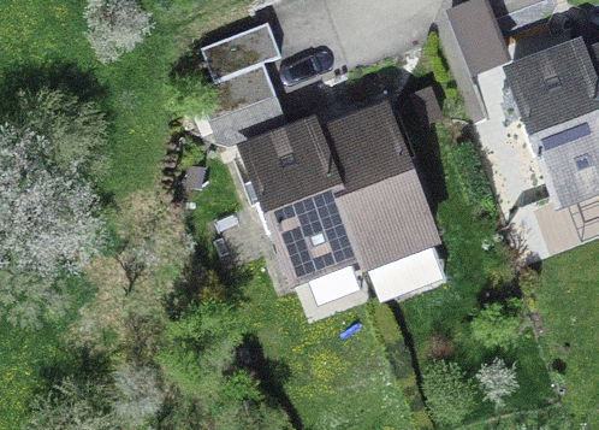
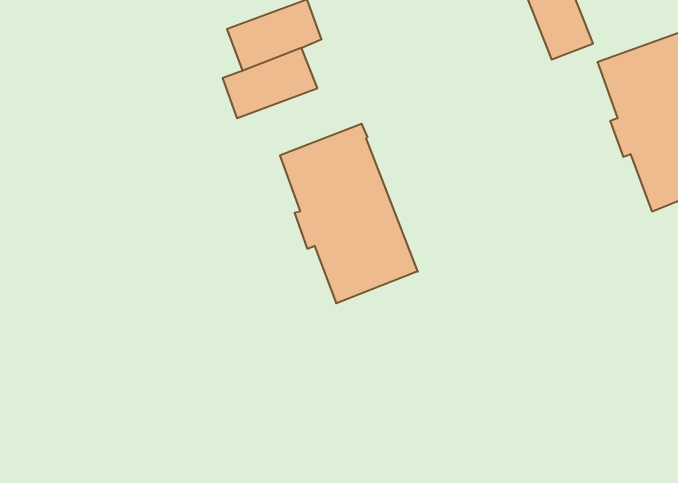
building: [318,113,433,264] -> none

